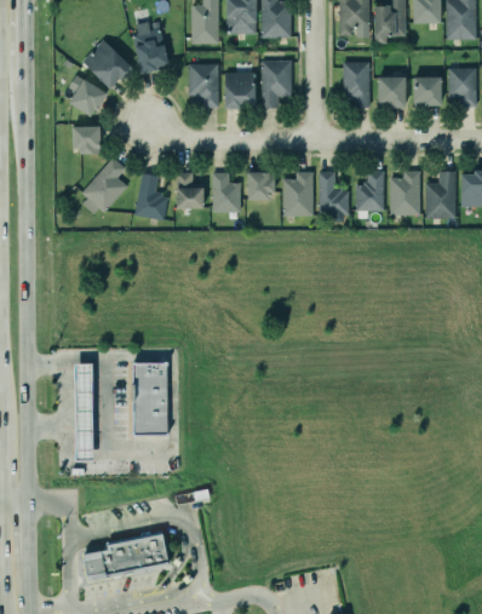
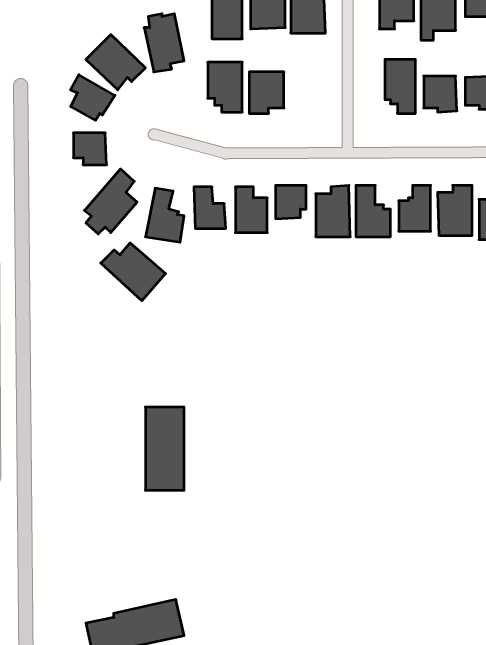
building: [260,59,291,108] -> none
building: none -> [101,243,166,301]
building: [74,365,92,461] -> none

